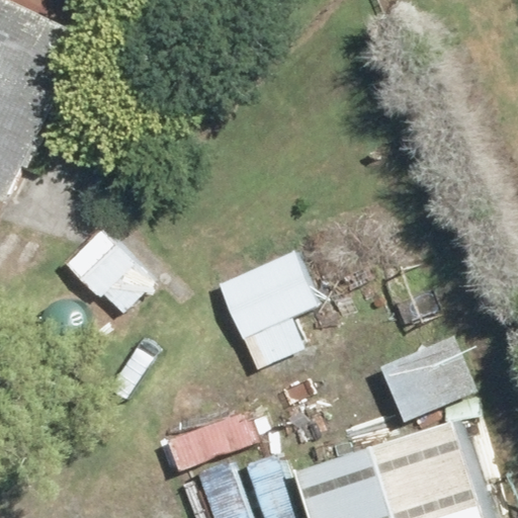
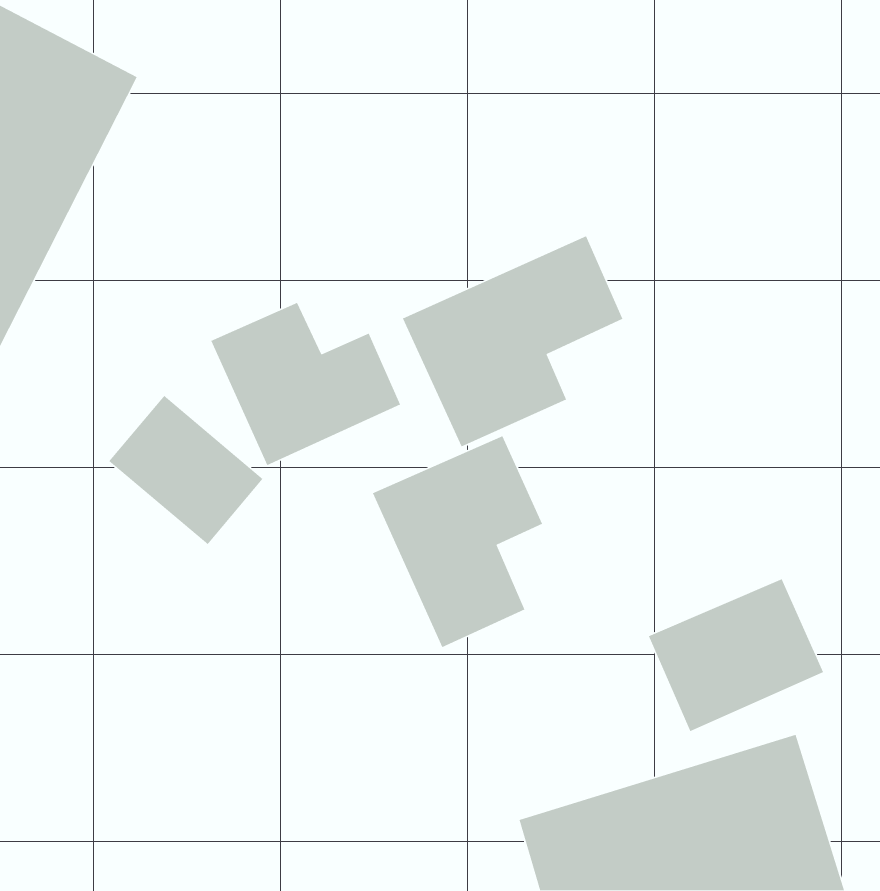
building: none -> [402,235,623,448]
building: none -> [210,302,401,466]

